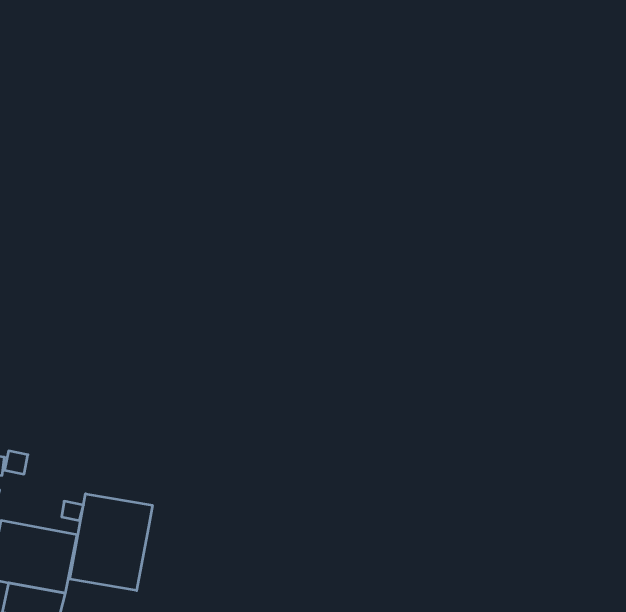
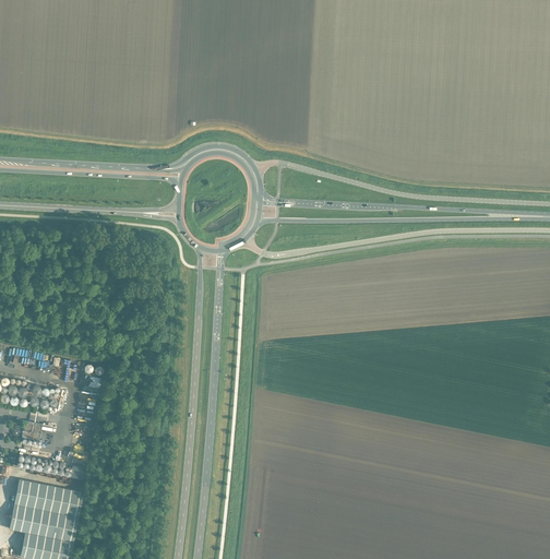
building: [70,494,152,591] -> none

